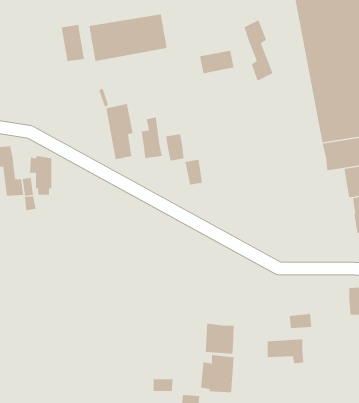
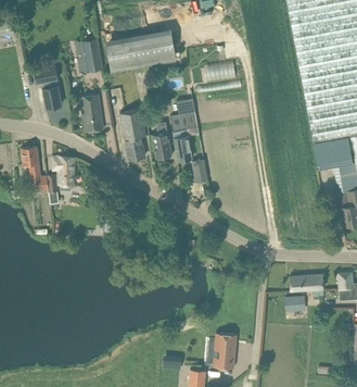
building: [244,19,273,82] -> none
building: none -> [34,64,61,109]
building: none -> [80,96,103,133]
building: none -> [169,99,197,132]
building: [205,323,235,354] -> none
building: [267,339,304,364] -> [290,274,323,297]

